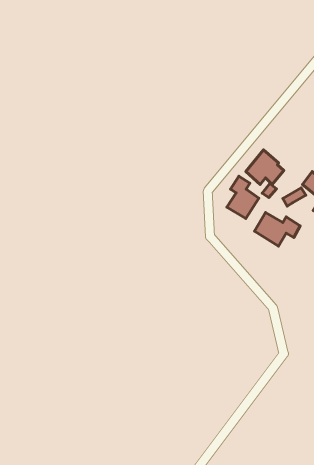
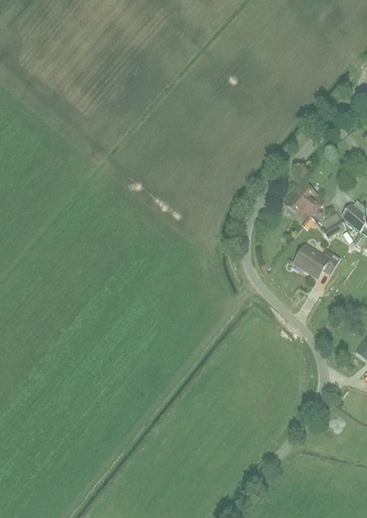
building: [227,176,259,218] -> none

